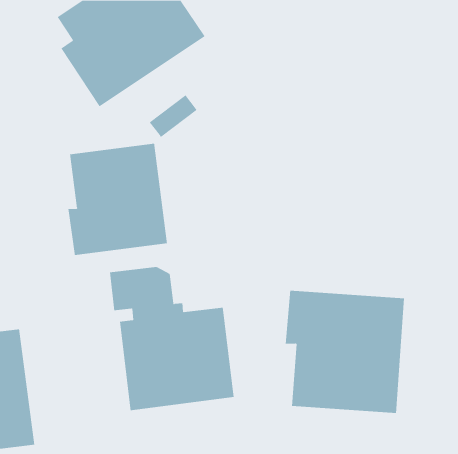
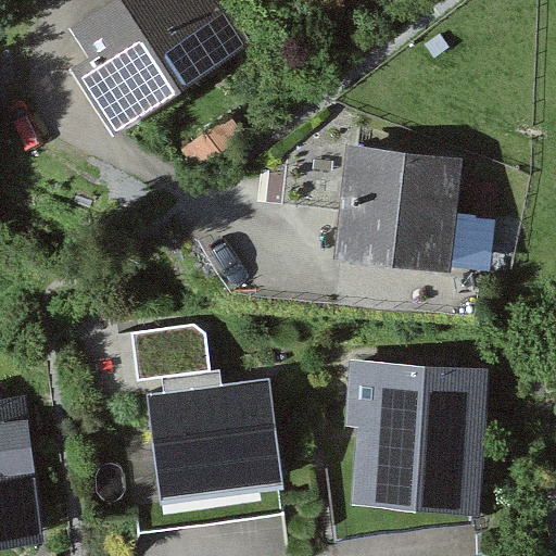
building: none -> [281,121,493,269]
building: [68,143,167,256] -> none

